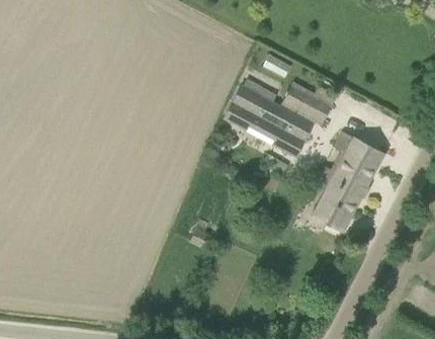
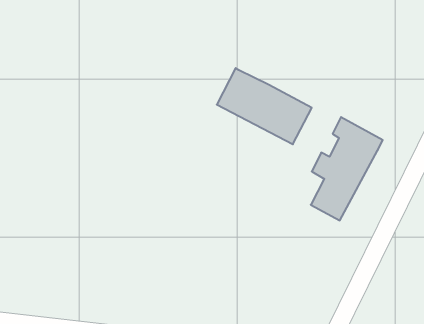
building: [283,84,331,122] -> none

